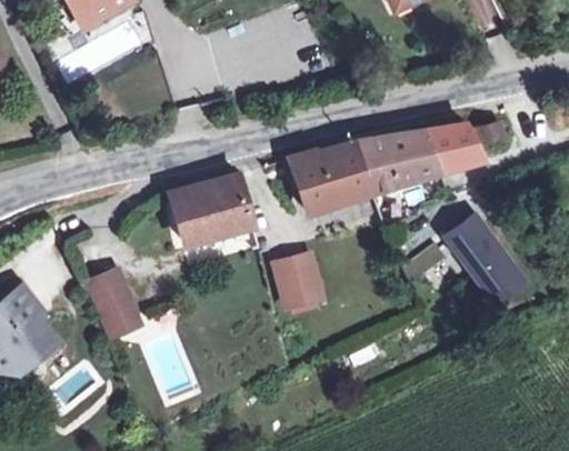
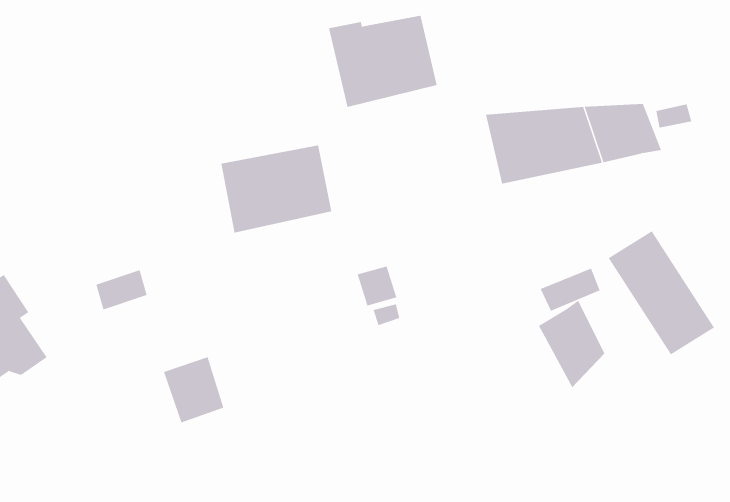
building: [289,143,370,213] -> [328,15,437,108]
building: none -> [538,300,605,388]
building: [93,291,139,340] -> [163,357,224,423]

